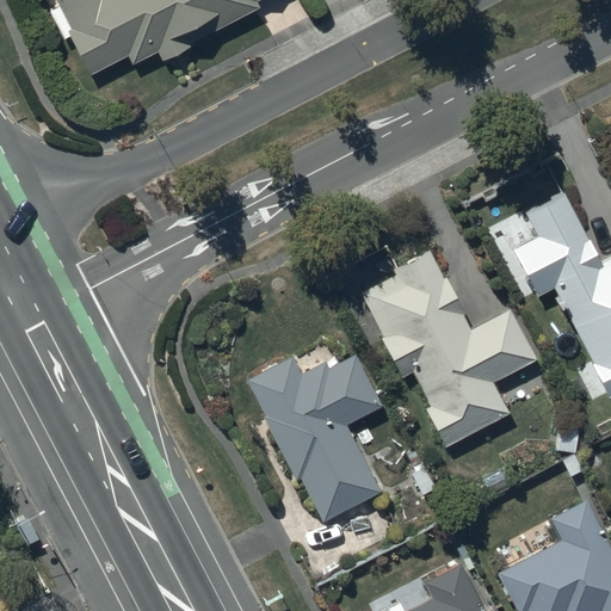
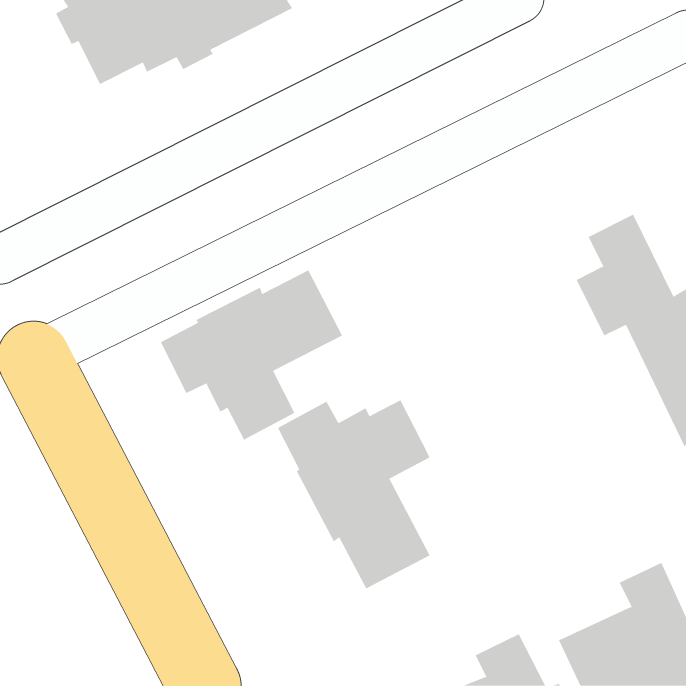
building: none -> [160,270,343,440]
building: [364,251,538,449] -> none

